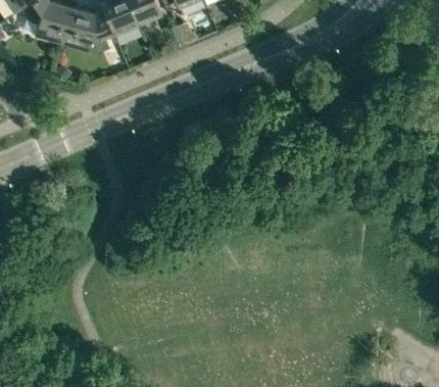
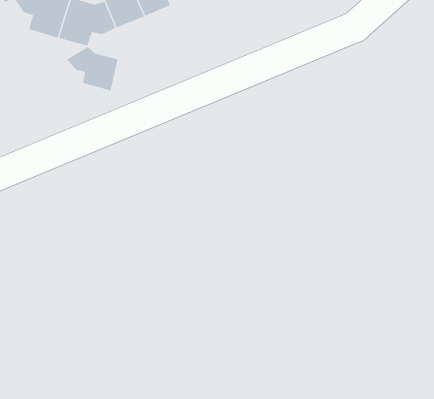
building: none -> [66,46,118,91]

